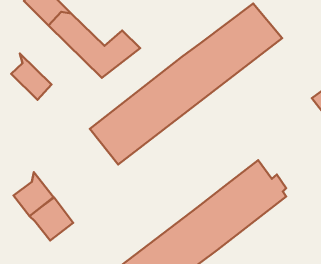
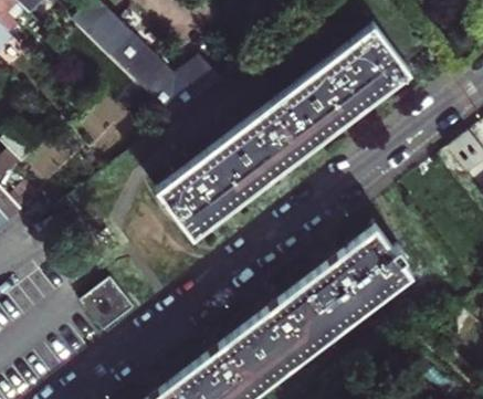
building: [11,53,51,100] -> none
building: [14,172,53,216] -> none

